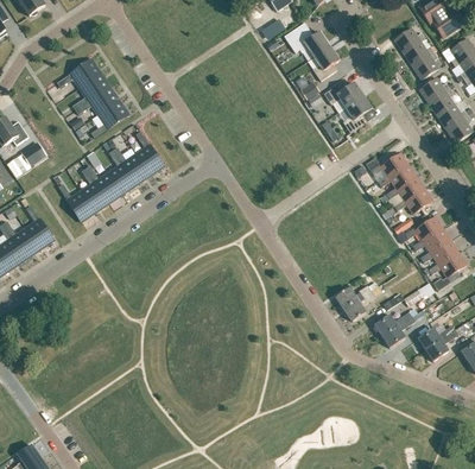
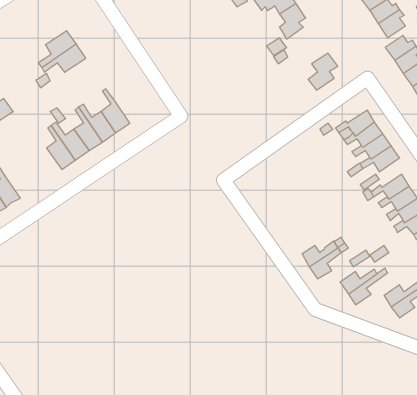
building: [57,58,101,87] -> none
building: [324,81,362,106] -> none
building: [91,100,129,137] -> none
building: [58,183,96,221] -> none

